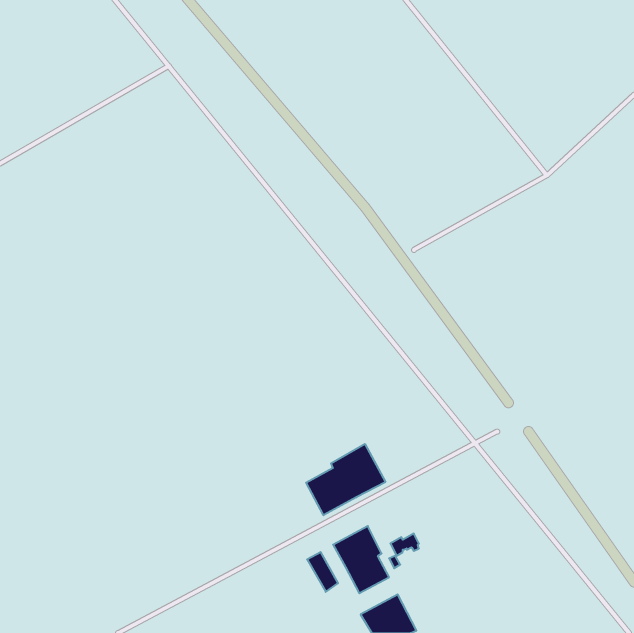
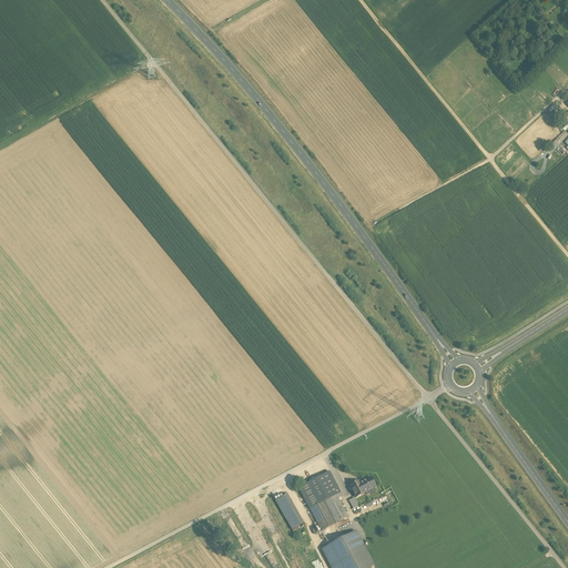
building: [306,444,385,515] -> none

